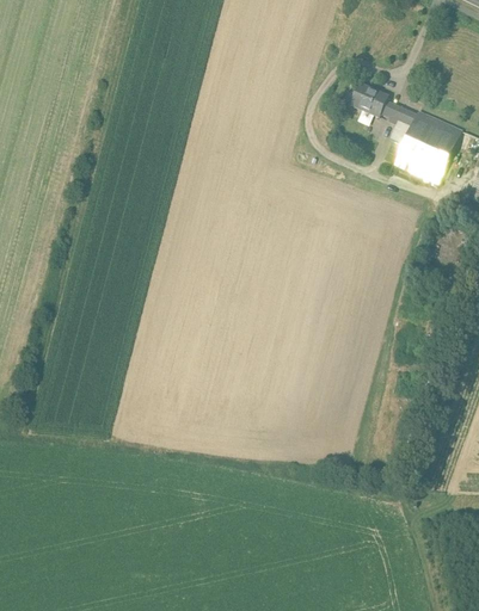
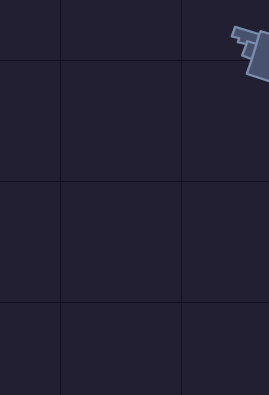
building: [349,82,386,115] -> none

